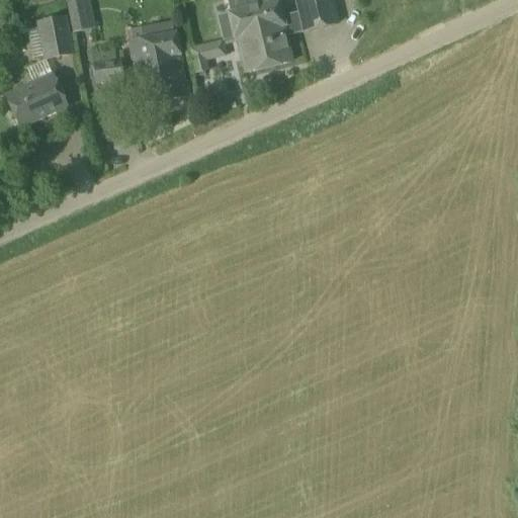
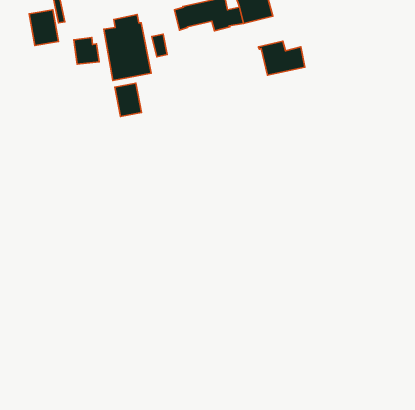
building: [234,26,291,69] -> [259,41,305,75]
building: [5,69,69,124] -> none
building: none -> [115,83,141,117]

